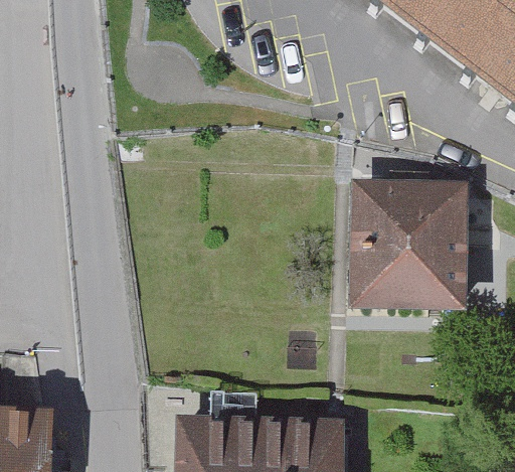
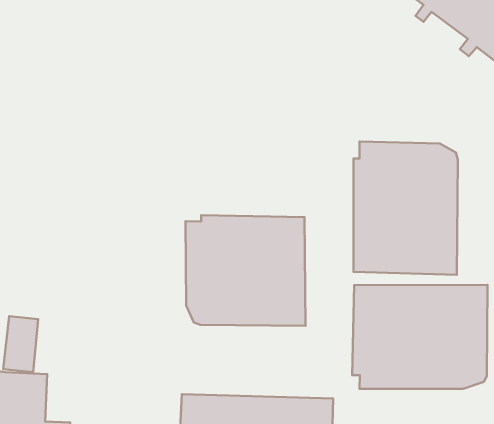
building: none -> [186,215,306,326]
building: none -> [352,285,488,389]

